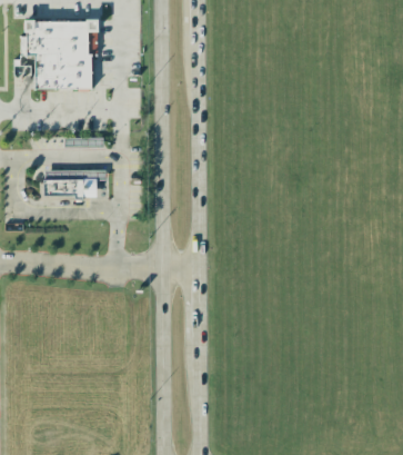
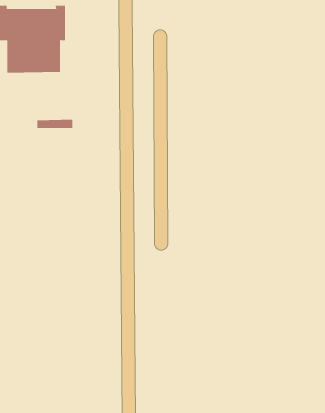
building: [44,170,107,198] -> none

